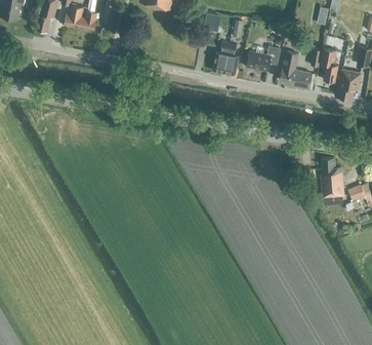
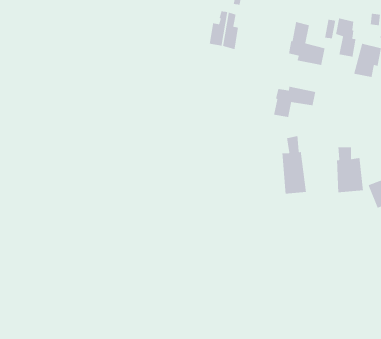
building: [246,45,281,70] -> none
building: none -> [273,86,316,118]
building: none -> [281,135,307,194]

